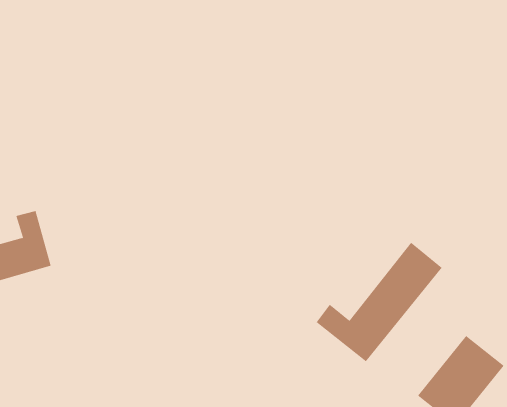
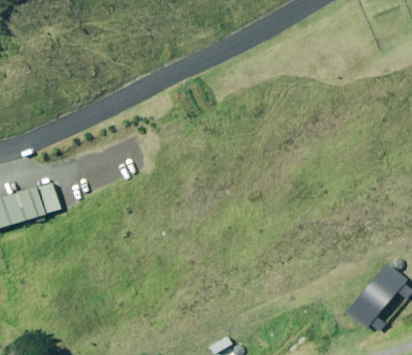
building: [316,242,442,362] -> none

